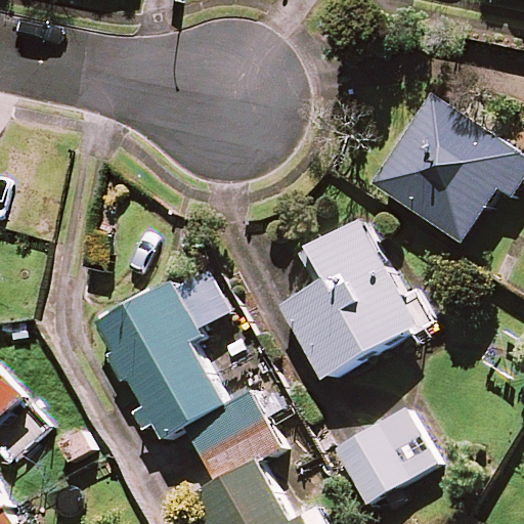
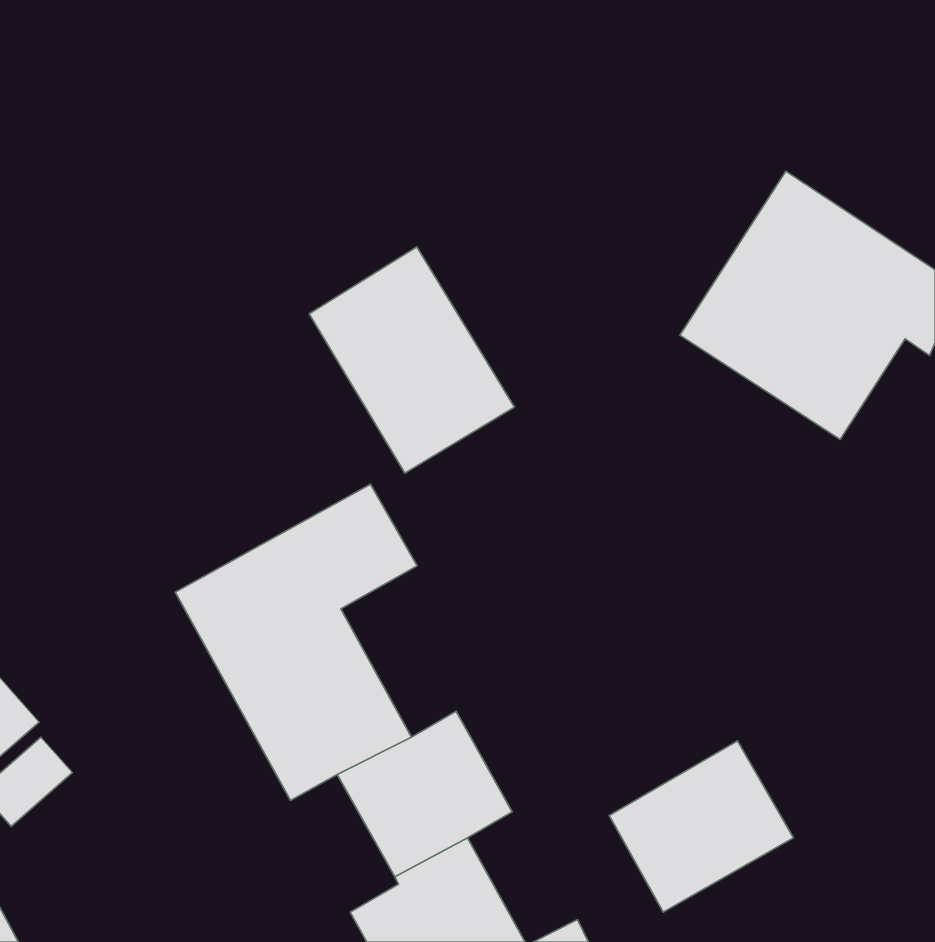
building: none -> [309,247,514,473]
building: [280,221,429,380] -> none

